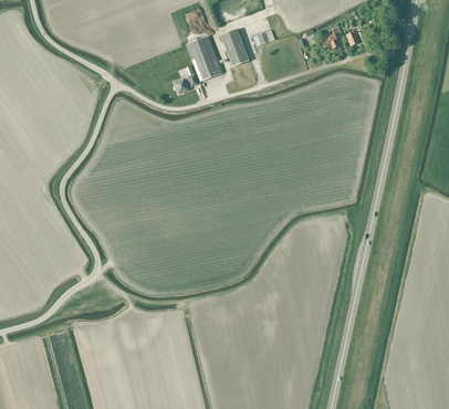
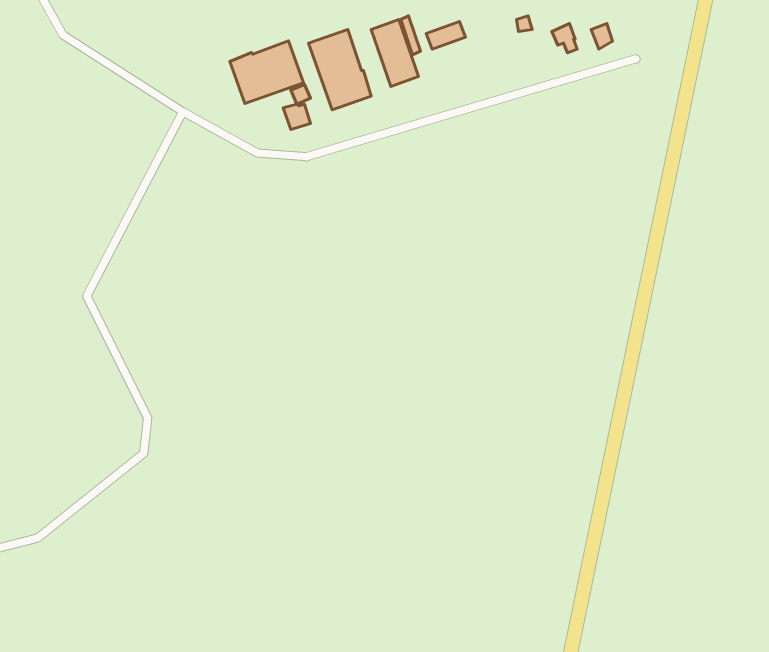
building: none -> [230,41,304,104]

